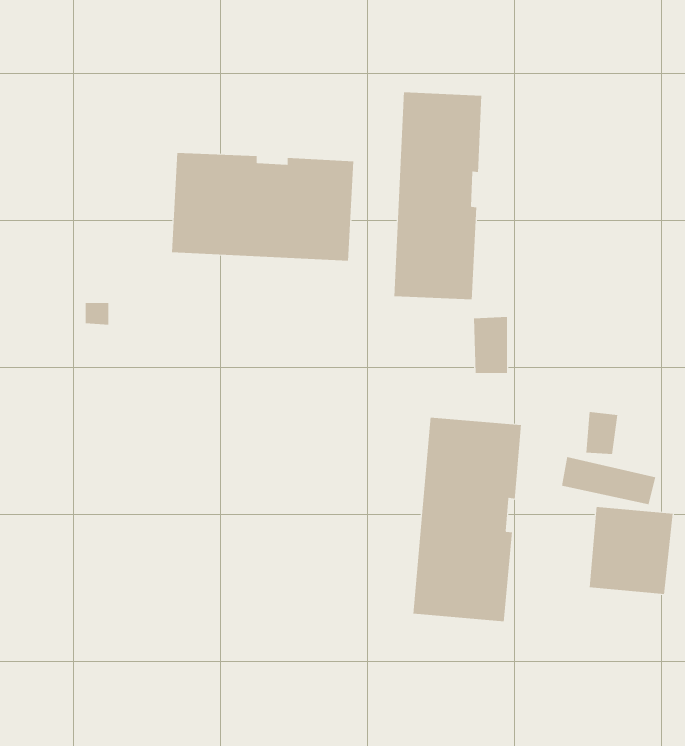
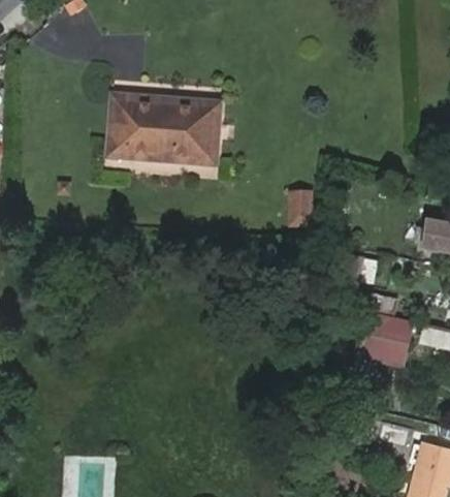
building: [394,92,482,300] -> none
building: [413,417,522,622] -> none

